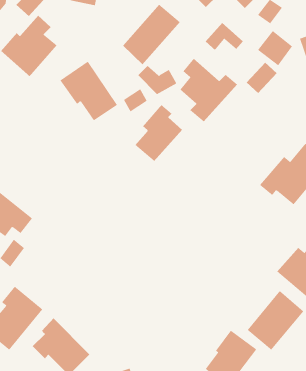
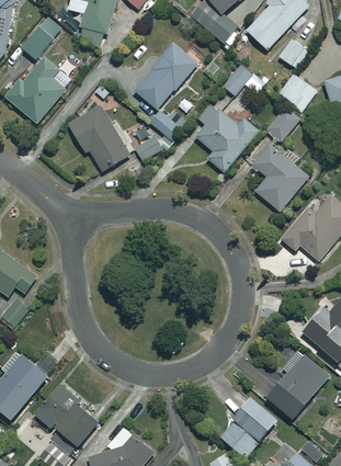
building: none -> [251,145,307,212]
building: [135,104,183,162] -> none

